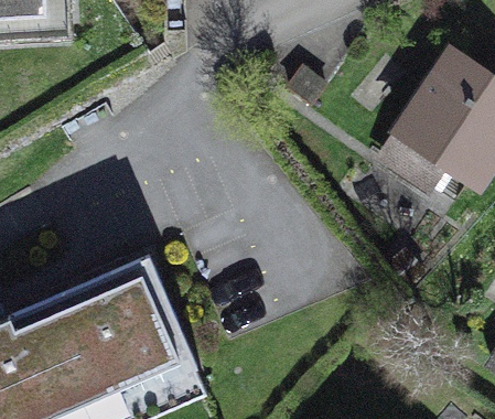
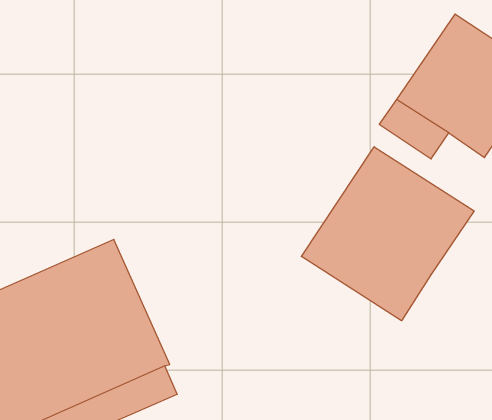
building: none -> [301,147,474,321]

